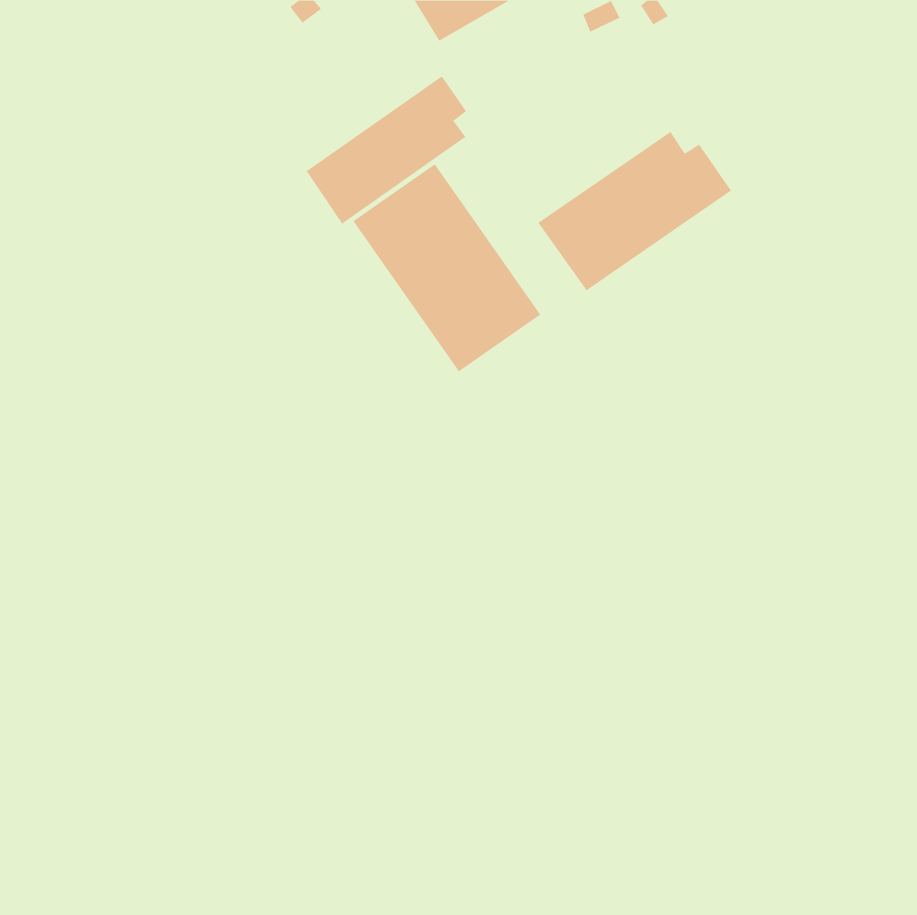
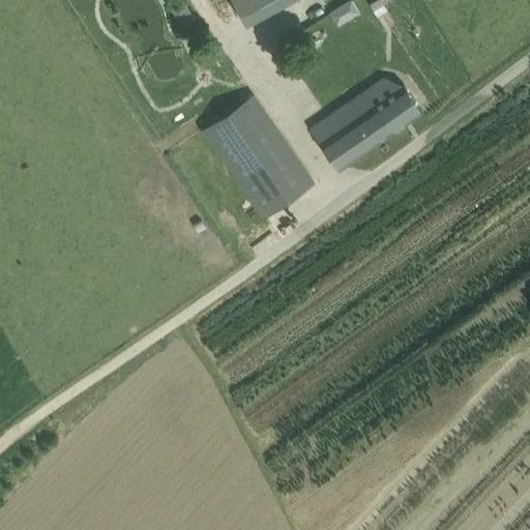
building: [306,76,467,224] -> none

